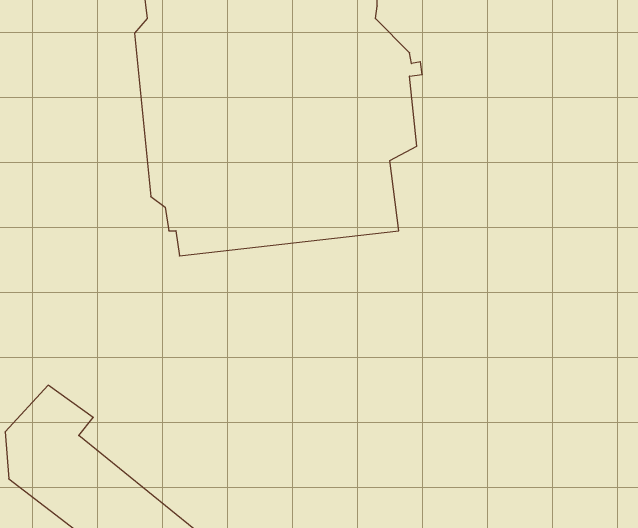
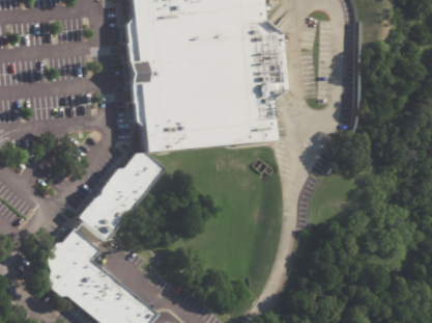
building: none -> [78,154,164,236]

